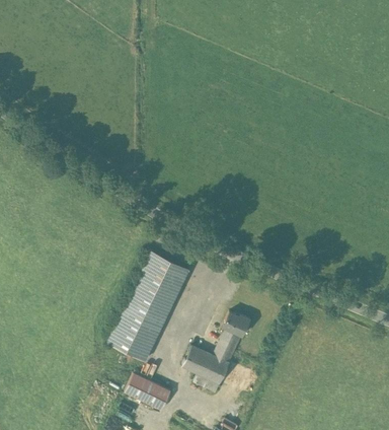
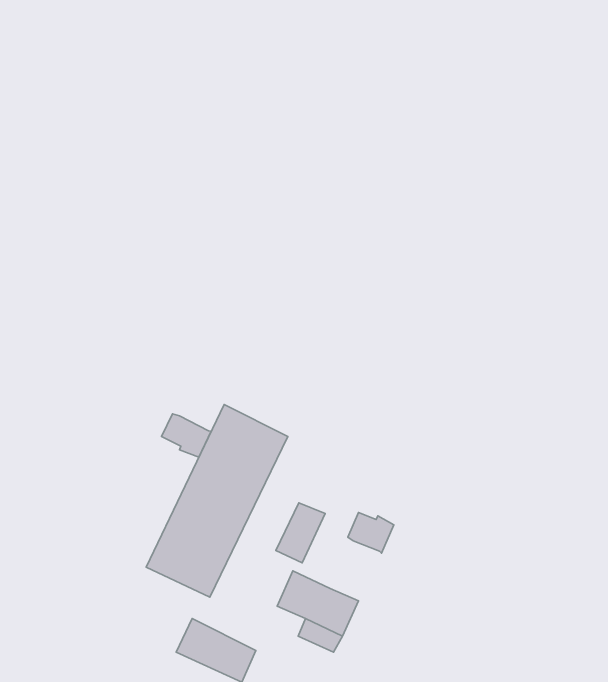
building: none -> [161,414,211,457]
building: [214,329,242,363] -> [276,503,325,563]

